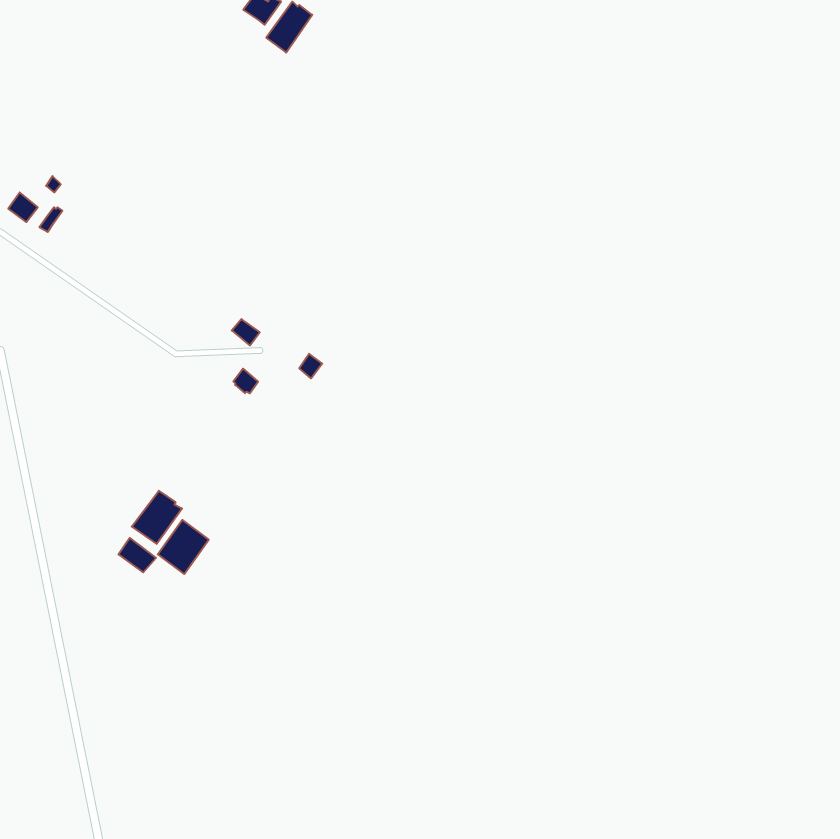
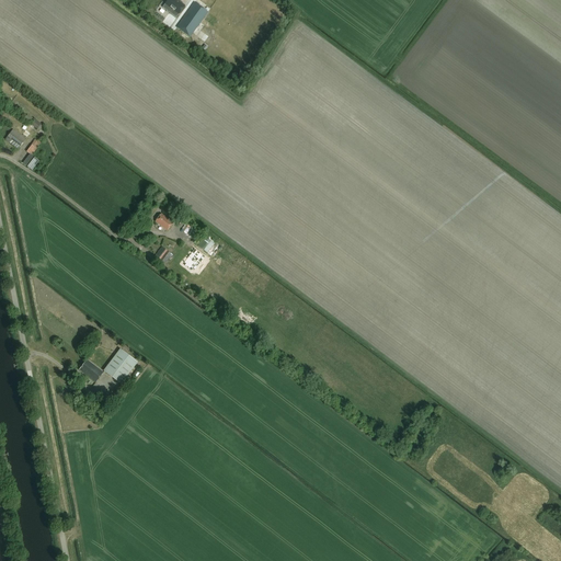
building: [132,491,182,544] -> none

